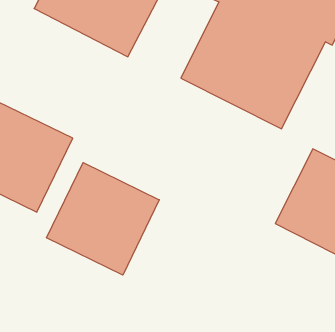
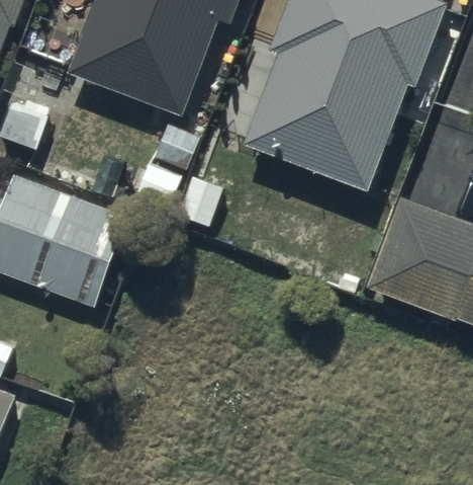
building: [47,163,159,275] -> none

